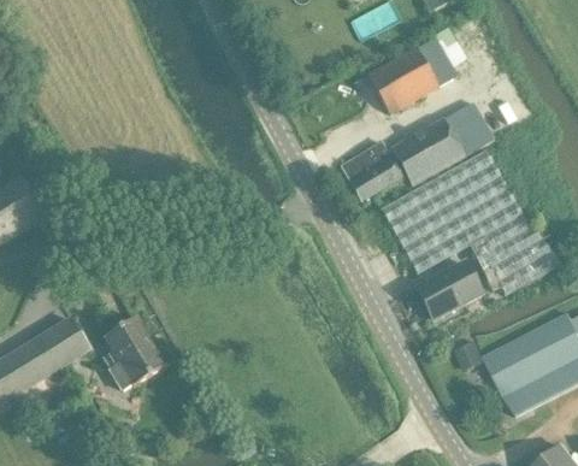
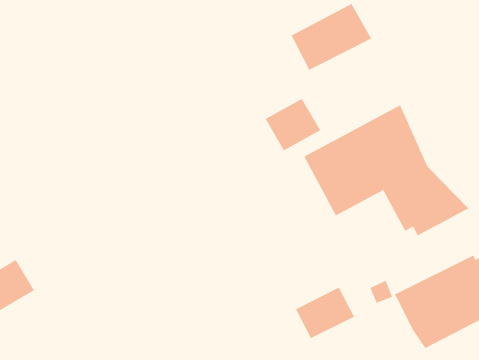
building: [393,104,495,184] -> none
building: [415,263,480,319] -> [295,287,355,339]
building: [102,317,165,390] -> none

